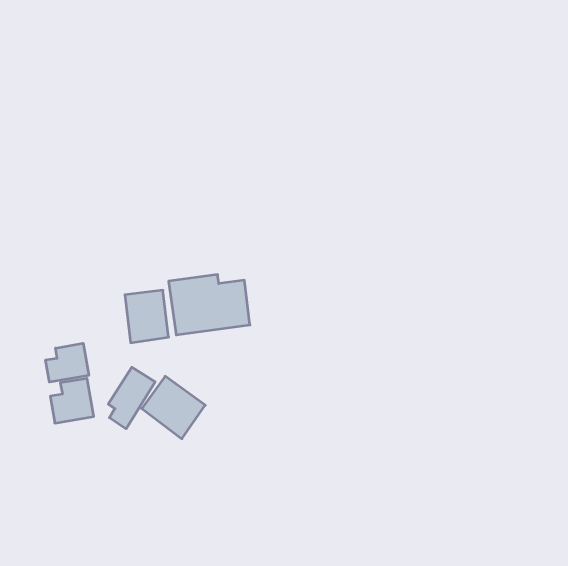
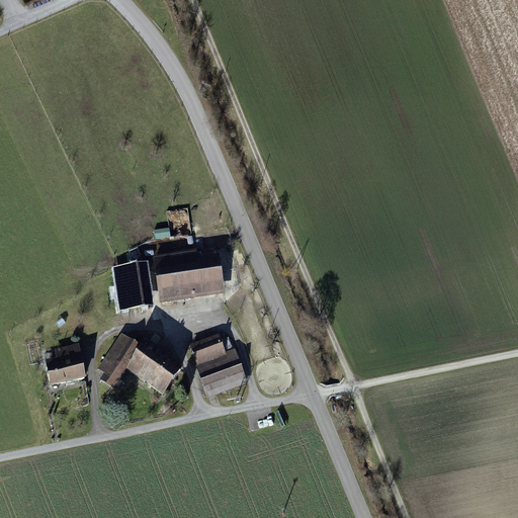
building: [46,343,89,382] -> none
building: none -> [190,334,248,398]

